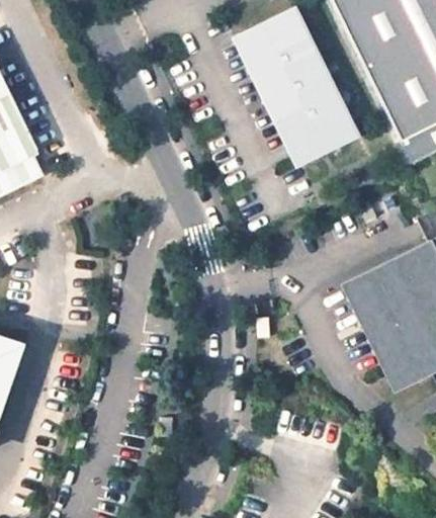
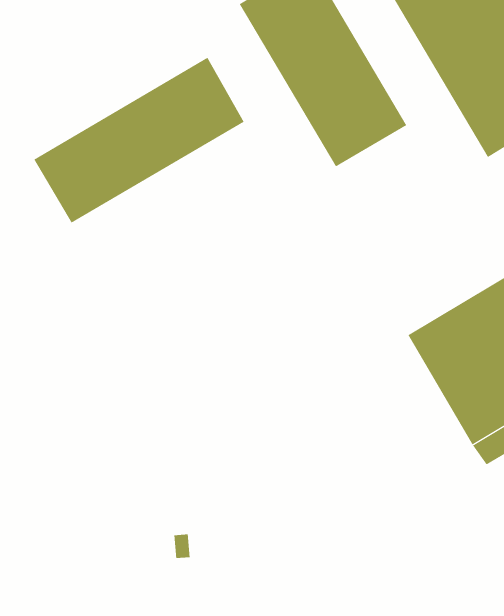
building: none -> [33,57,245,223]

